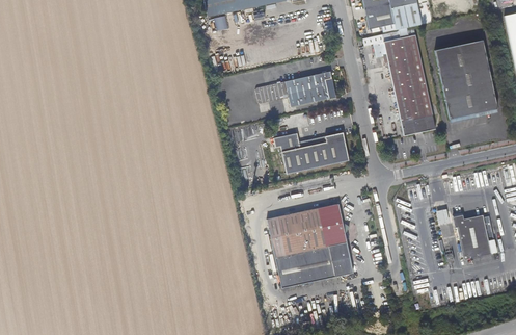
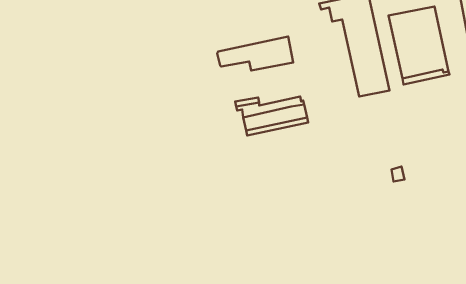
building: [273,203,359,287] -> none
building: [453,213,490,260] -> none

